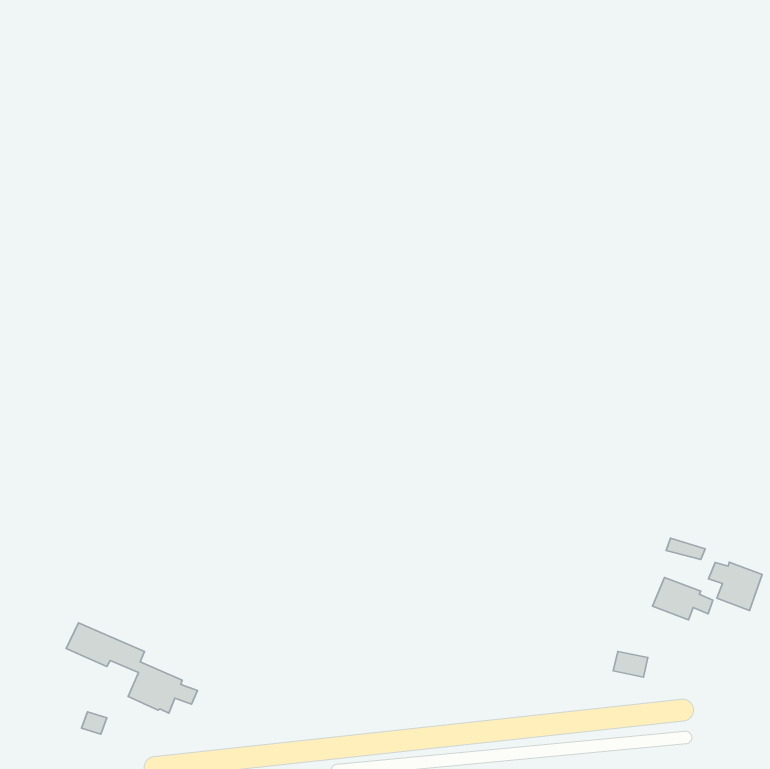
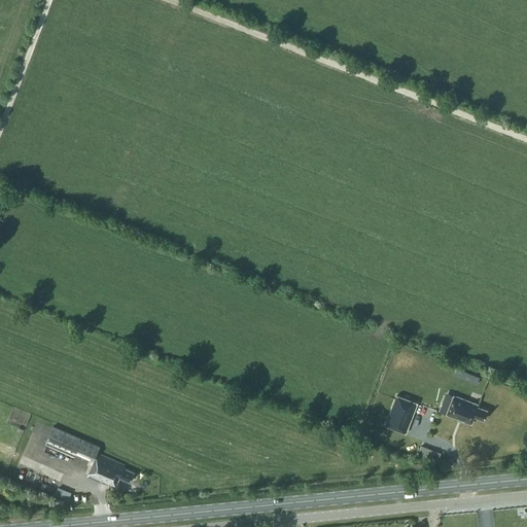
building: [709,562,762,611] -> none
building: none -> [385,395,418,434]

